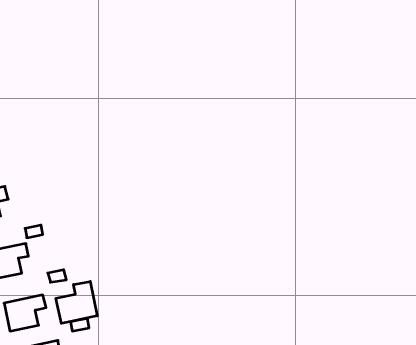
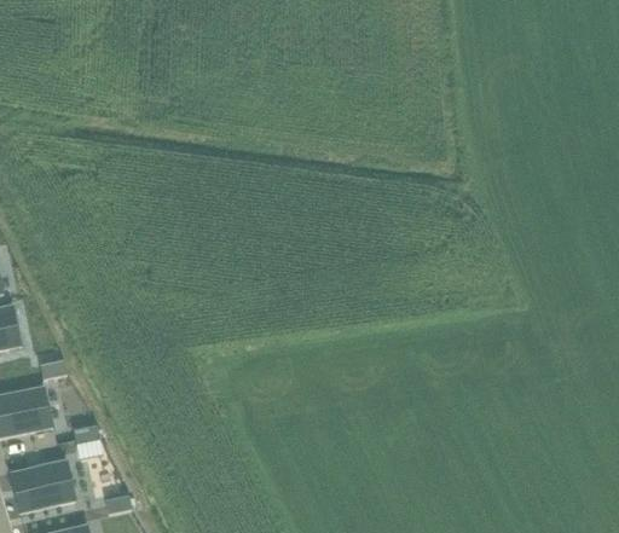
building: [56,281,97,323] -> none

